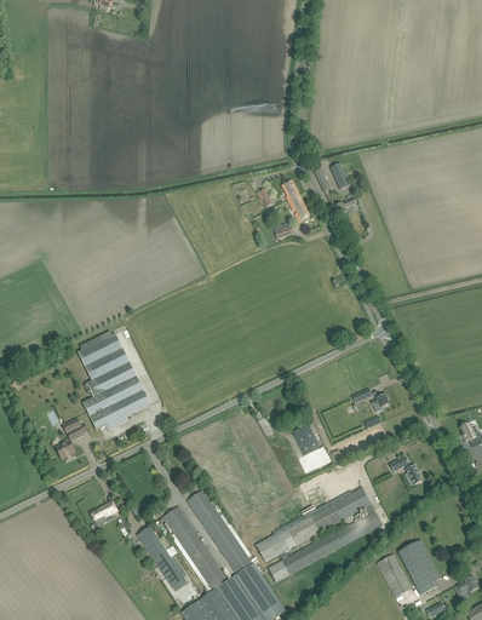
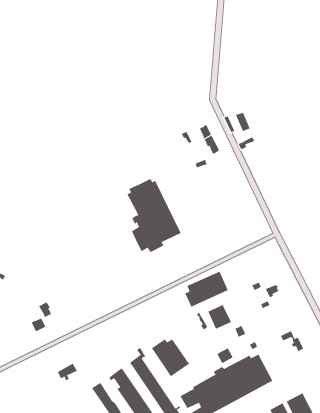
building: [78,331,151,431] -> [127,178,182,253]
building: none -> [185,271,228,307]
building: none -> [151,338,190,377]

